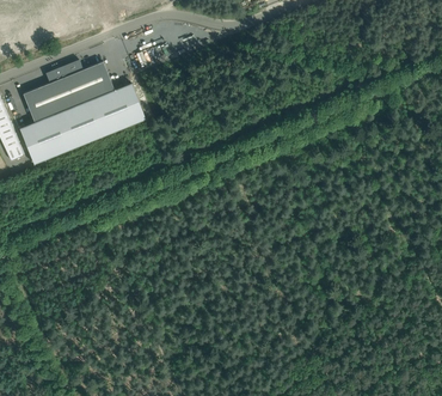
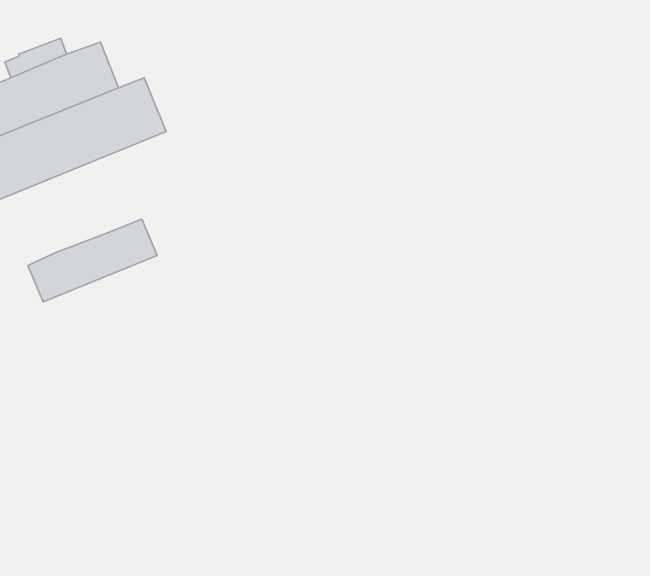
building: none -> [28,219,157,302]

